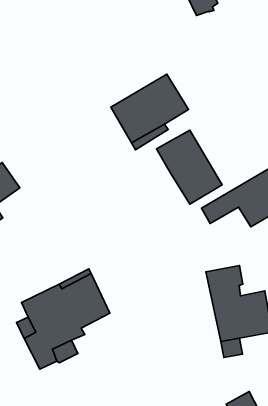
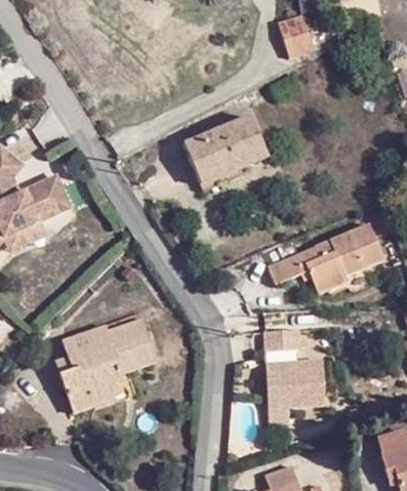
building: [157,130,222,204] -> none

